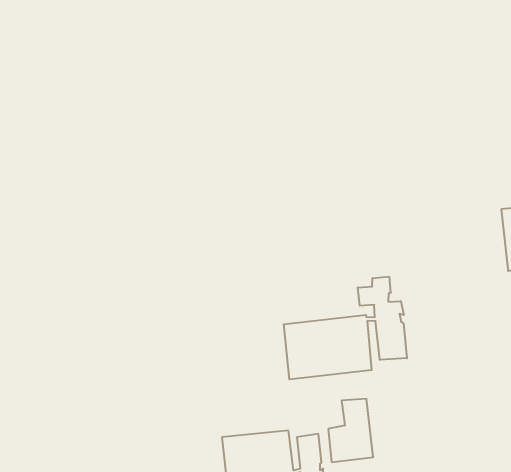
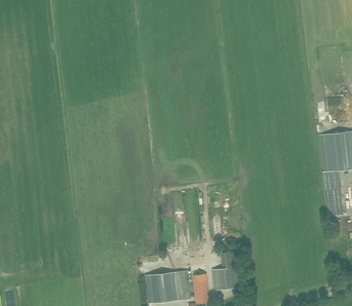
building: [284,277,407,379] -> none

